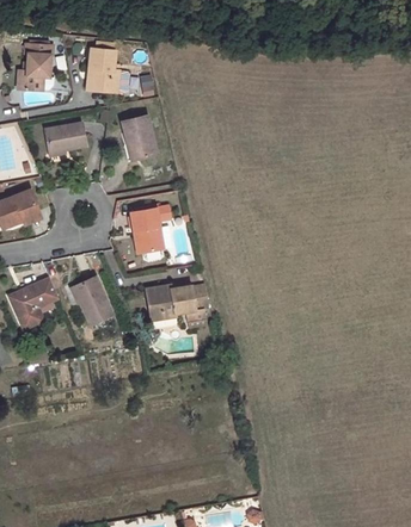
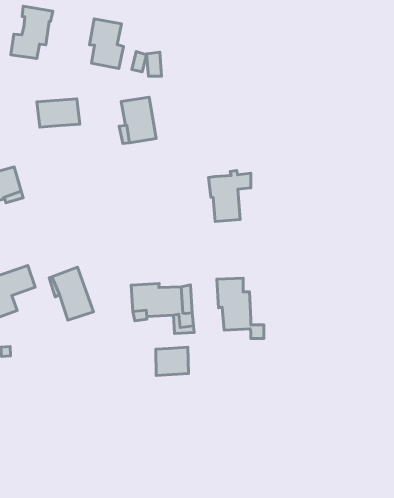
building: [131,204,171,252] -> [208,171,251,221]
building: none -> [217,278,264,339]
building: none -> [156,347,189,375]

